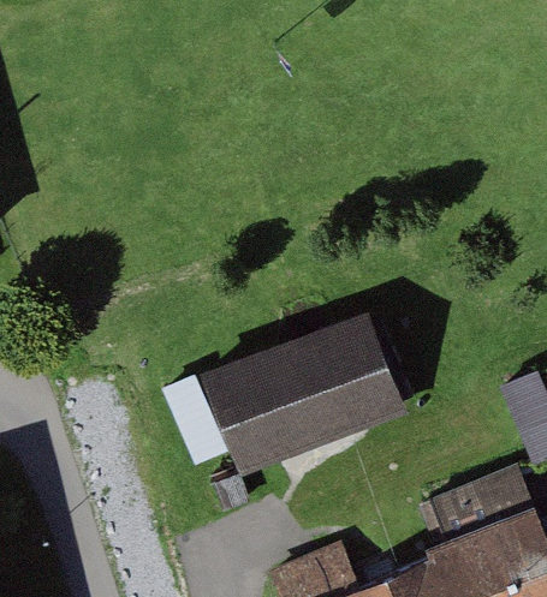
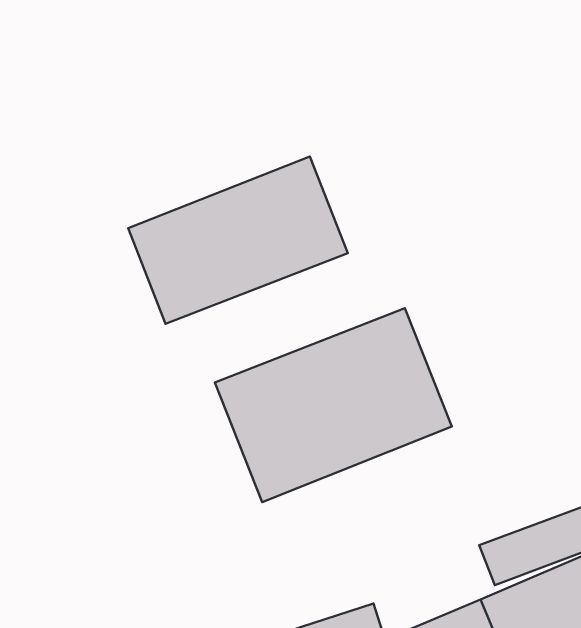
building: none -> [128,157,348,324]

